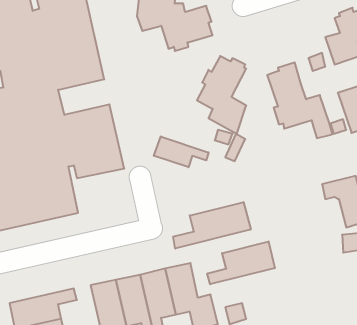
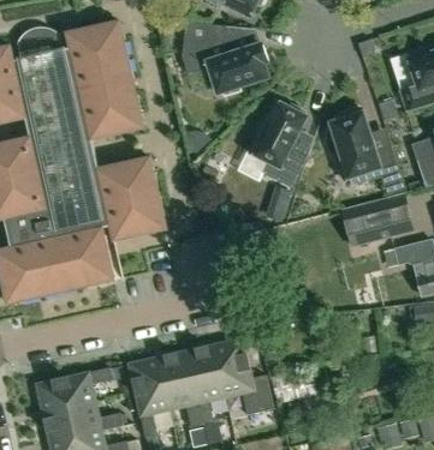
building: none -> [339,191,412,247]
building: [154,136,209,167] -> none
building: [173,202,251,249] -> none
building: [207,241,275,284] -> none

